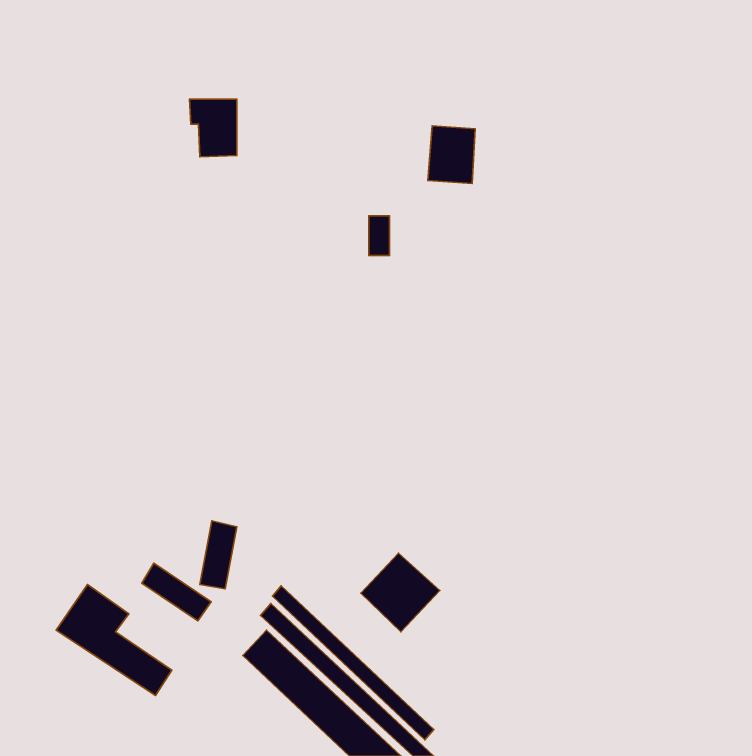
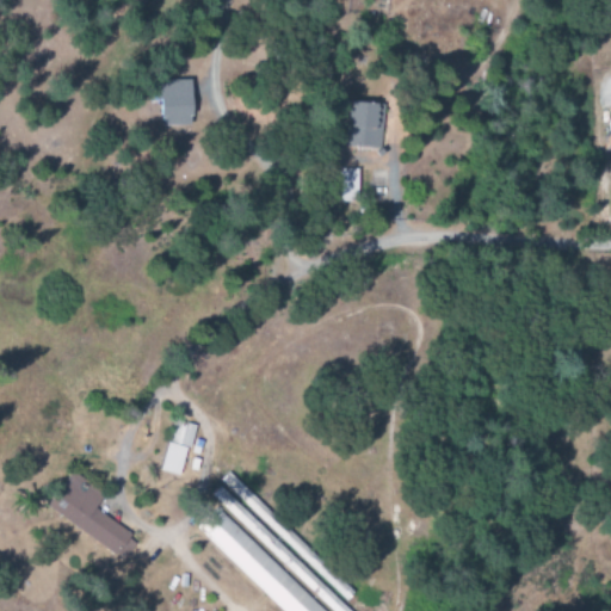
building: [369,216,390,256] -> [344,169,360,202]
building: [361,553,440,632] -> none
building: [142,563,211,621] -> none

